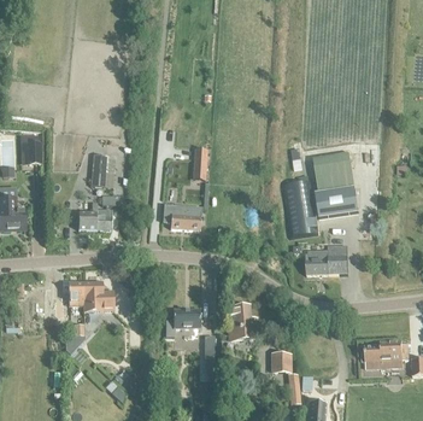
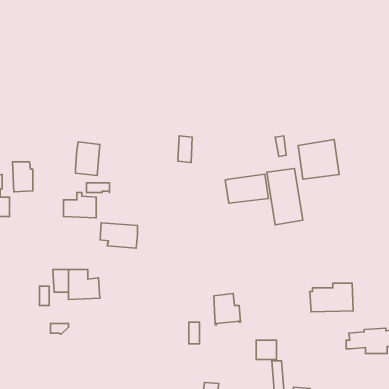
building: [20,135,41,165] -> [13,162,33,192]
building: [315,187,358,216] -> [225,174,269,203]
building: [163,205,200,230] -> [100,223,137,248]
building: [305,246,348,275] -> [310,283,353,312]
building: [165,309,200,337] -> none

